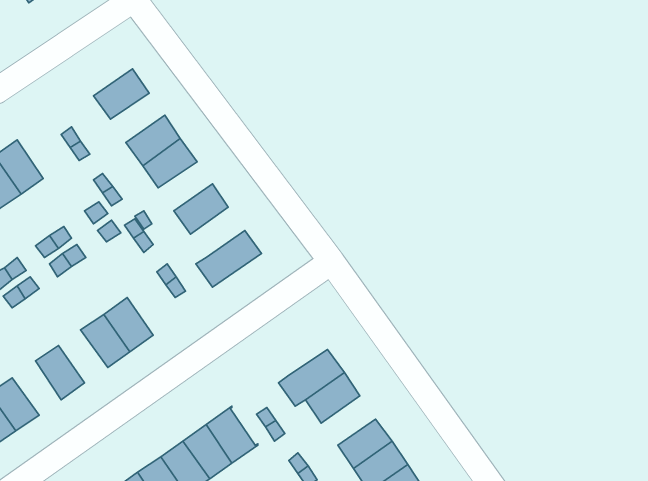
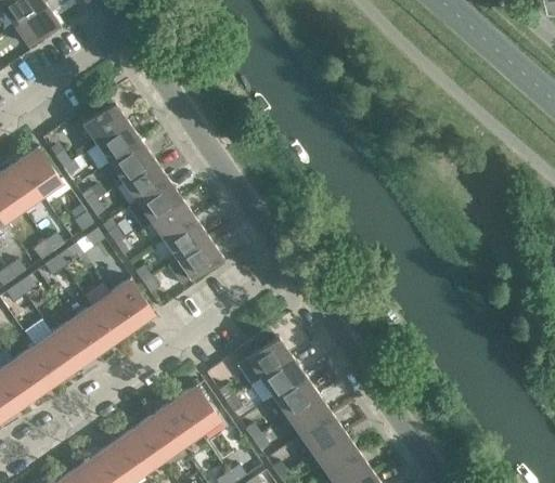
building: none -> [95,123,141,165]
building: none -> [17,148,60,195]
building: none -> [127,181,181,229]
building: none -> [163,219,208,261]
building: none -> [109,280,151,326]
building: none -> [52,322,93,366]
building: none -> [13,348,54,393]
building: none -> [272,377,318,418]

